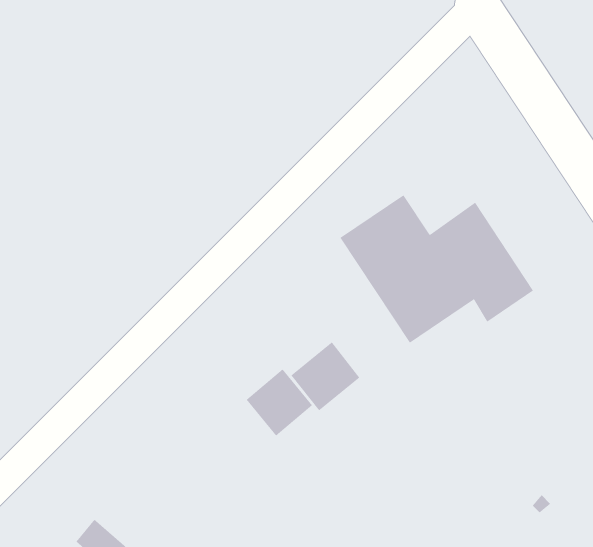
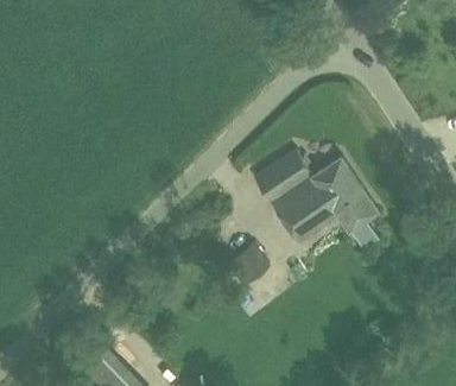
building: [246,369,313,437] -> none

